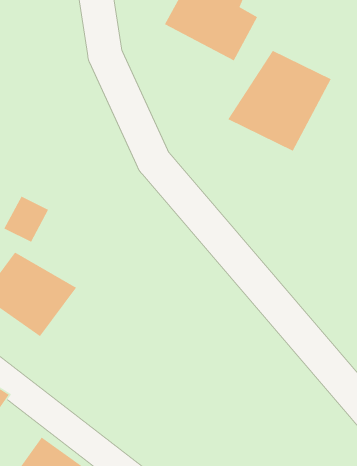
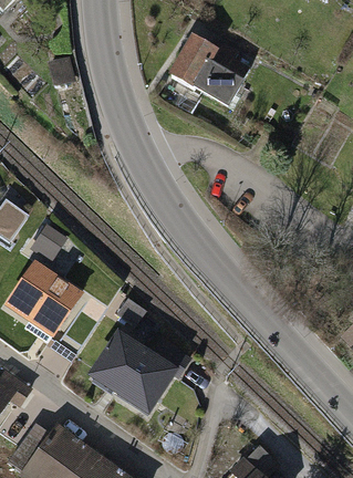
building: [227,50,332,152] -> none
building: none -> [90,331,191,416]

